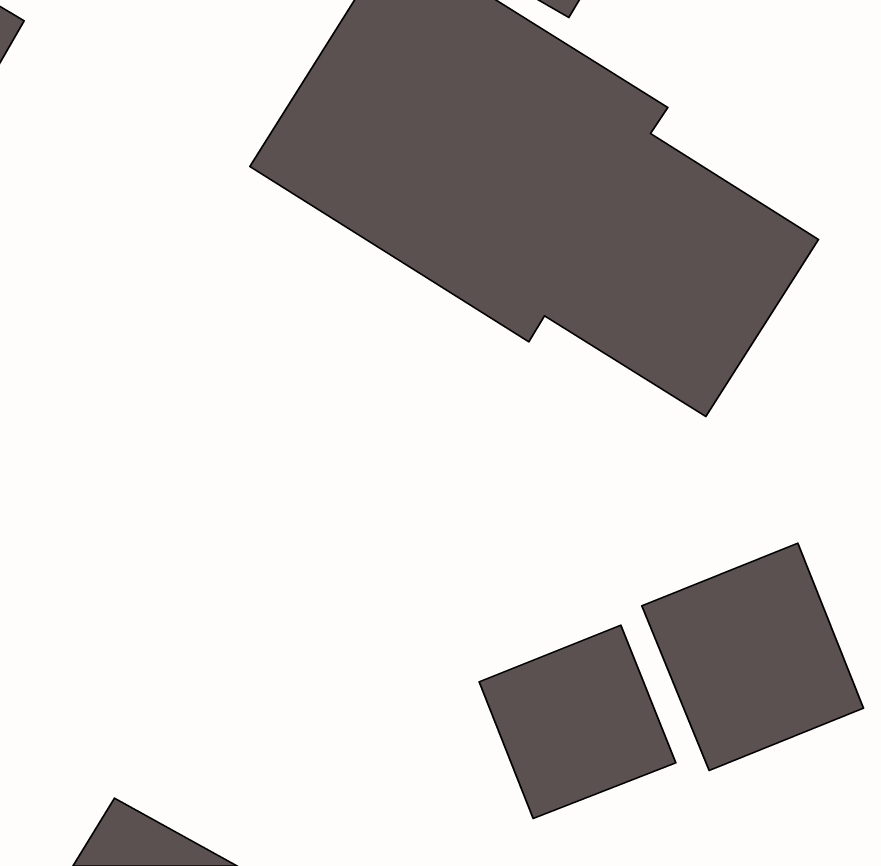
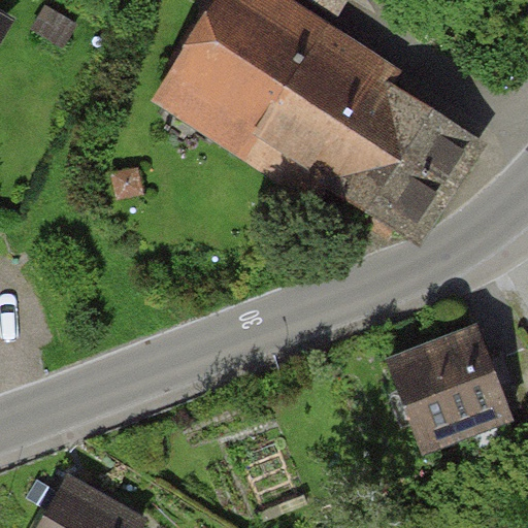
building: [479,625,676,819] -> none

